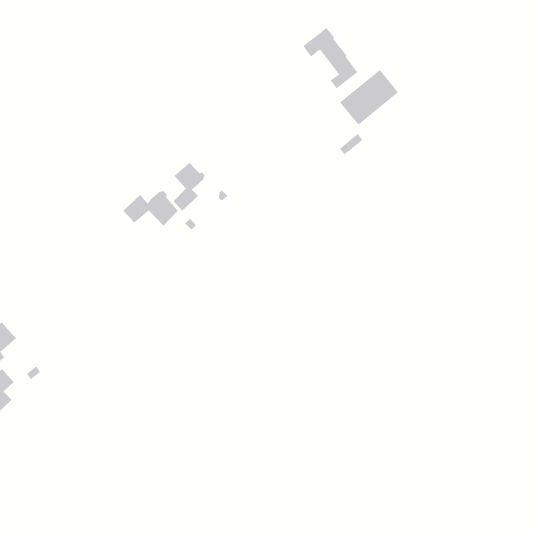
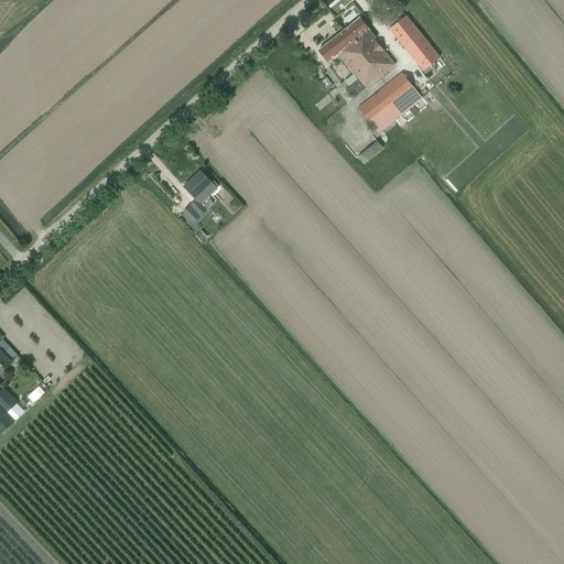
building: none -> [389,15,437,69]
building: none -> [344,17,393,76]
building: [122,191,179,226] -> none

